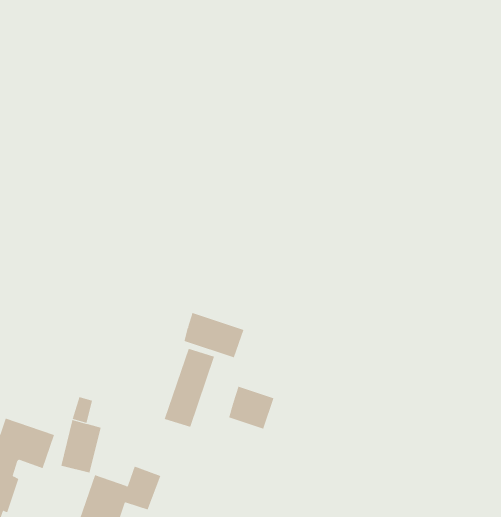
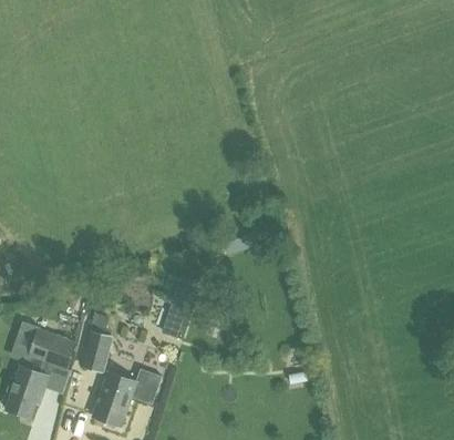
building: [184,312,244,358] -> none
building: [228,386,274,429] -> none

